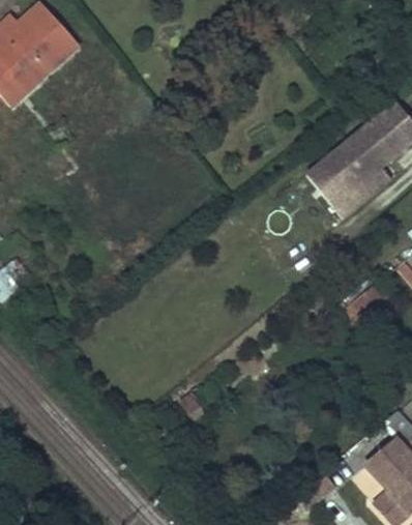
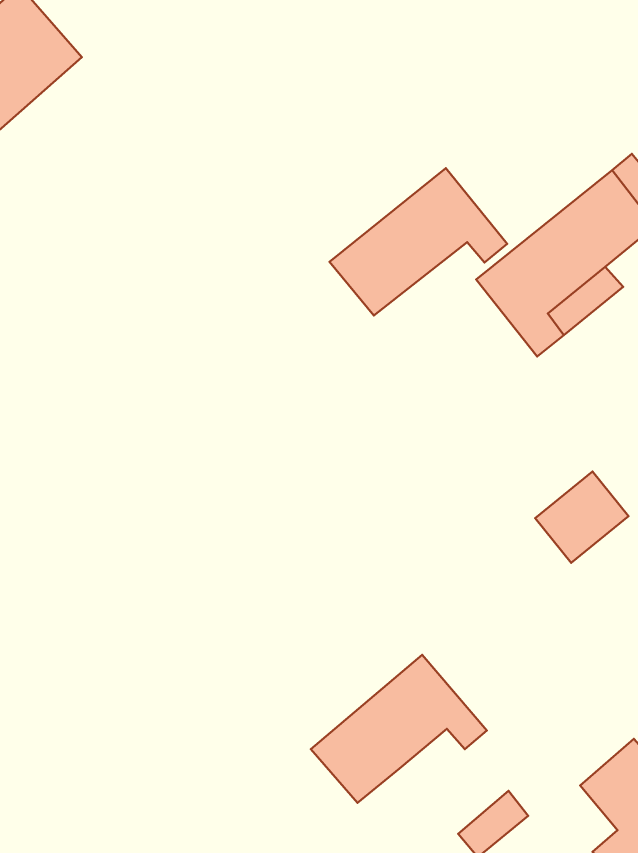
building: none -> [330,168,507,315]
building: none -> [311,655,487,803]

